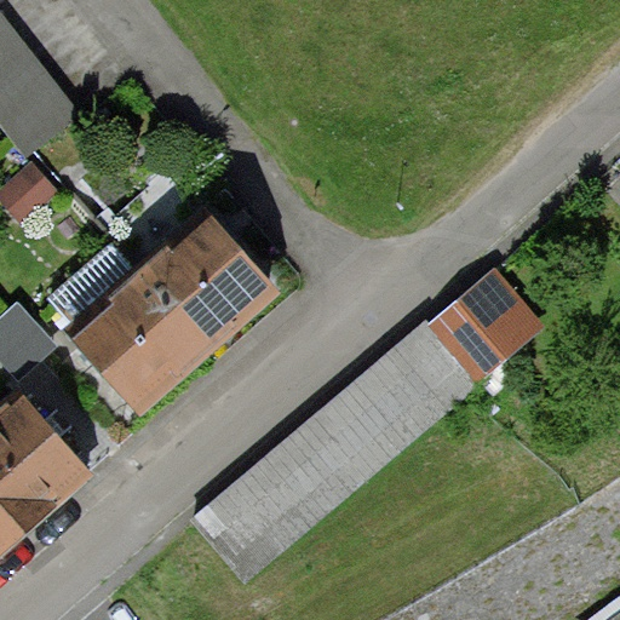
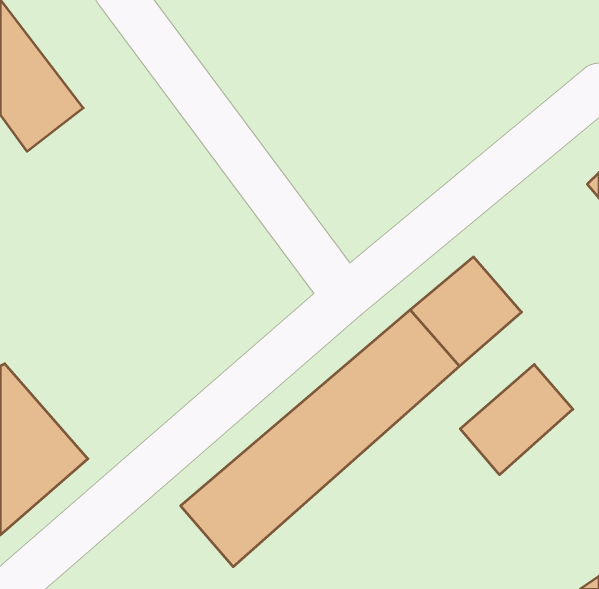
building: [47,212,277,435] -> none
building: none -> [460,364,573,475]

